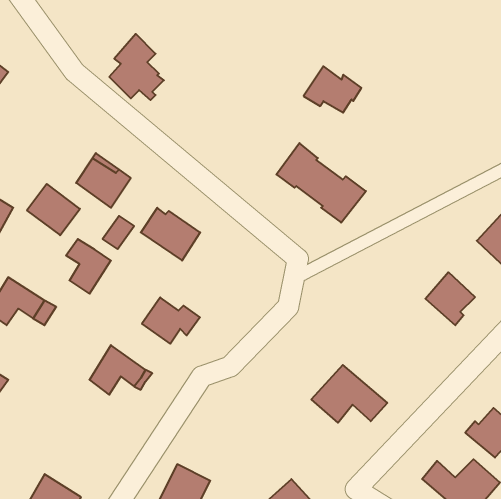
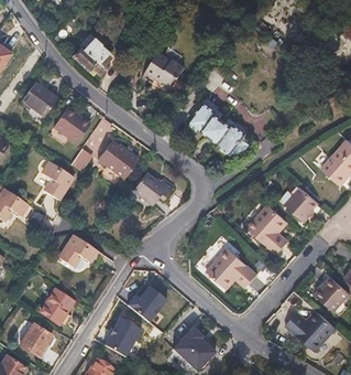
building: [304,66,361,113] -> [144,55,183,86]
building: [27,184,80,235] -> [20,81,55,115]
building: none -> [245,202,285,253]
building: [142,297,200,344] -> [132,170,171,201]
building: none -> [131,282,167,320]
building: none -> [36,287,74,323]

